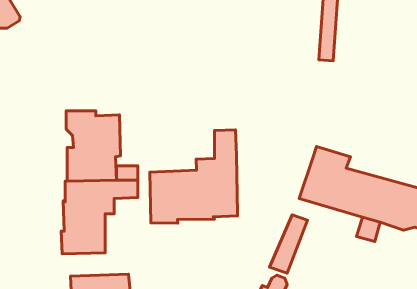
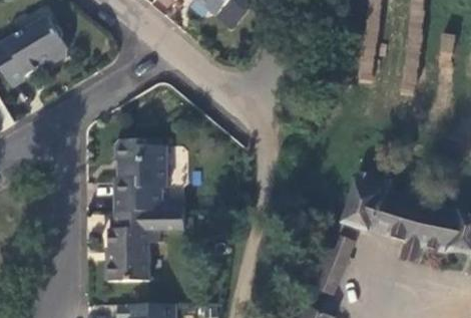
building: [150,130,238,223] -> none

